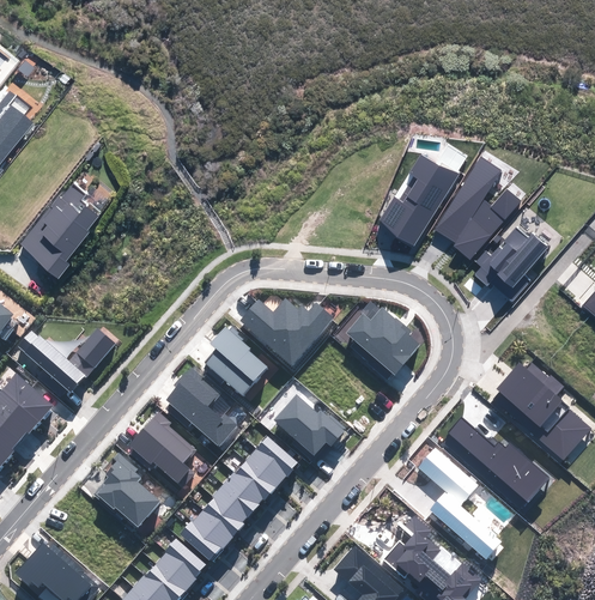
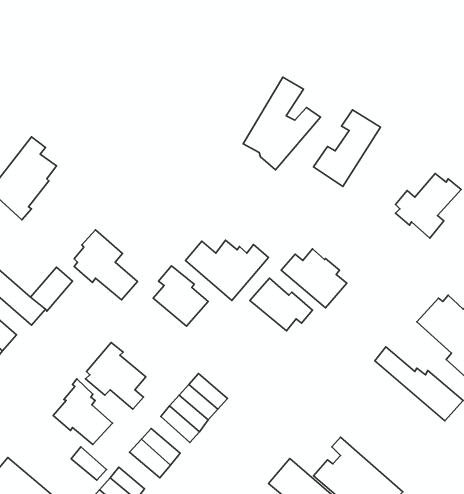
building: [436,153,522,256] -> [243,77,321,170]
building: [165,369,236,447] -> [74,230,138,300]
building: [273,396,342,455] -> [250,278,312,331]
building: [254,435,297,475] -> none
building: [414,444,504,560] -> none
building: [201,496,244,537] -> none
building: [165,539,205,576] -> [71,447,107,480]

